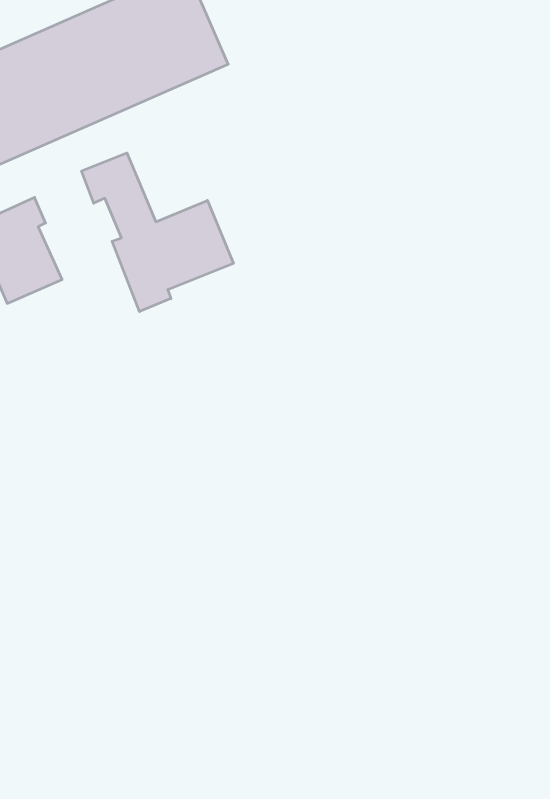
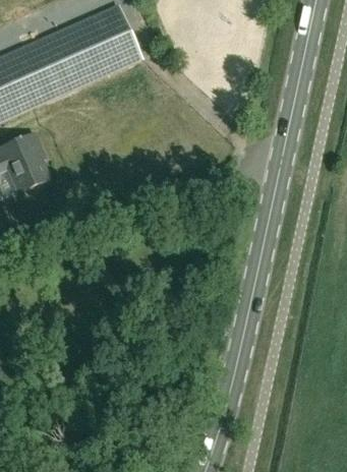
building: [82,153,233,312] -> none

